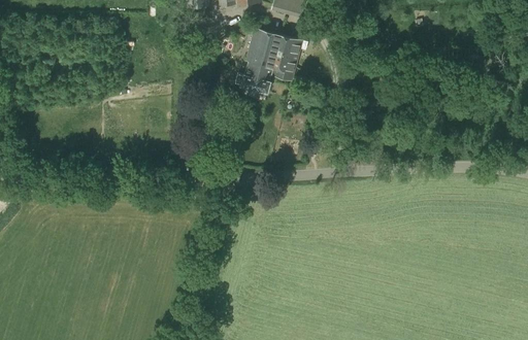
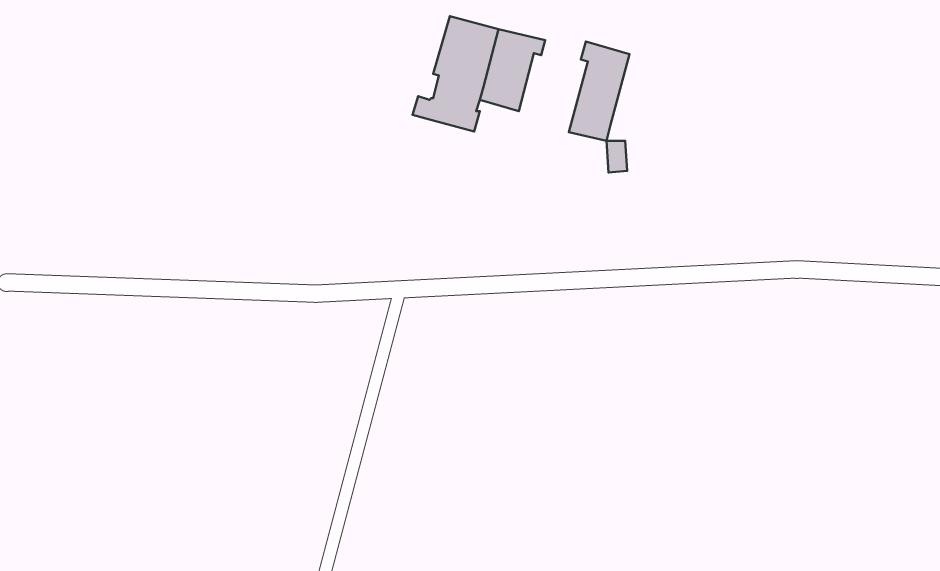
building: none -> [569,41,629,141]

